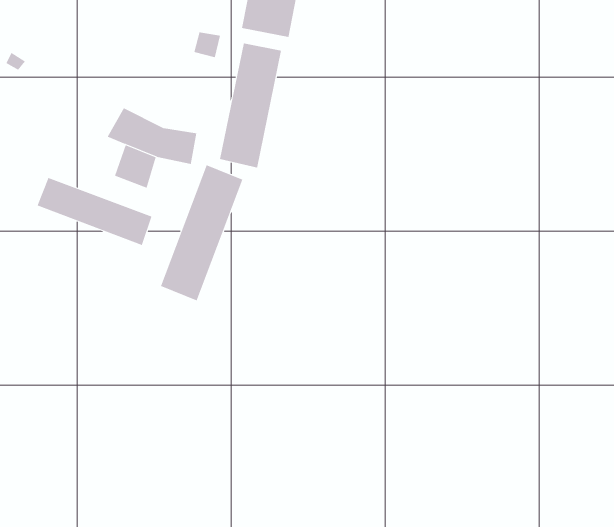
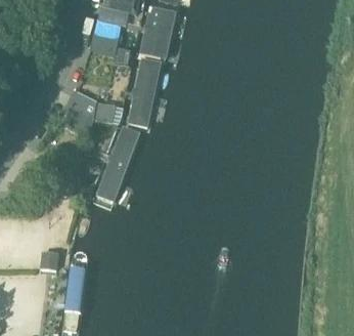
building: [37,177,152,246] -> none

